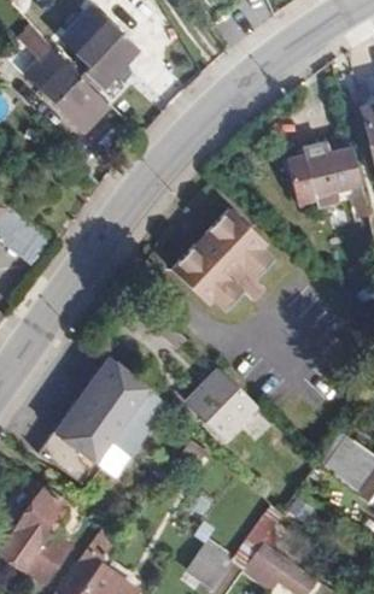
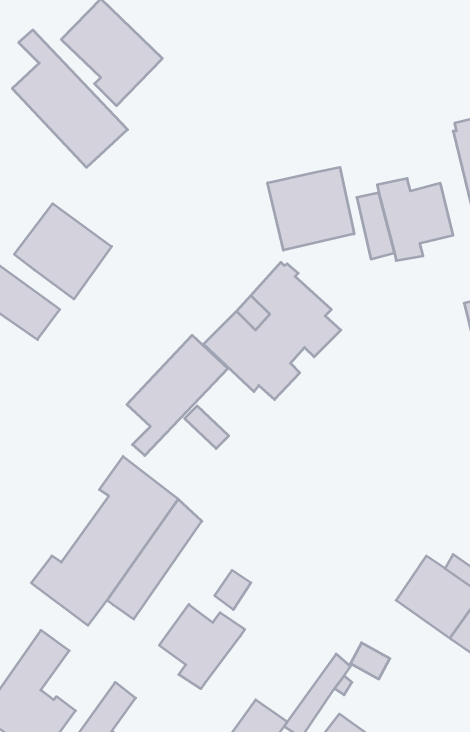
building: none -> [268,167,354,250]
building: none -> [14,204,112,299]
building: none -> [127,335,228,456]
building: [187,369,258,440] -> none
building: none -> [159,604,245,689]

